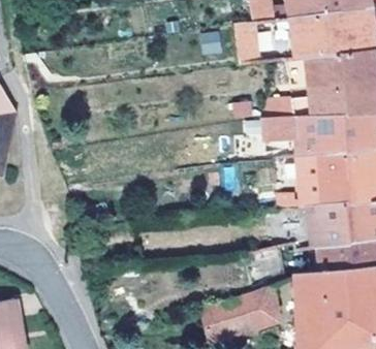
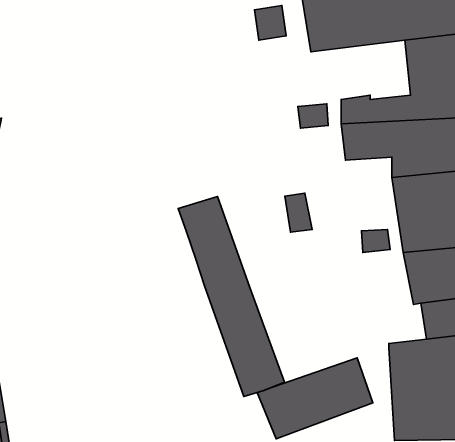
building: none -> [178,197,284,397]

